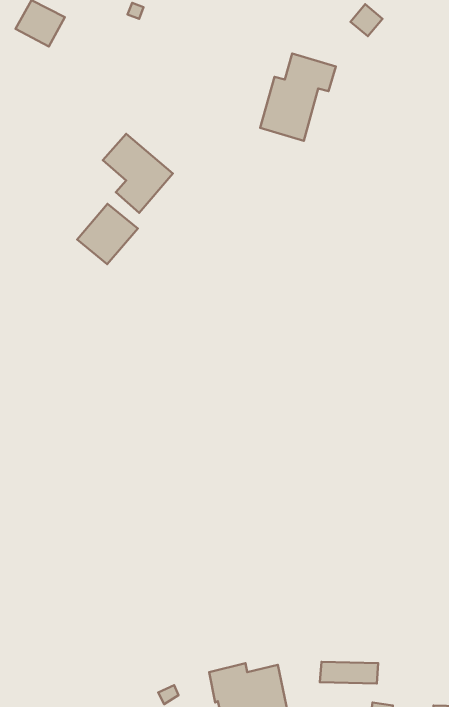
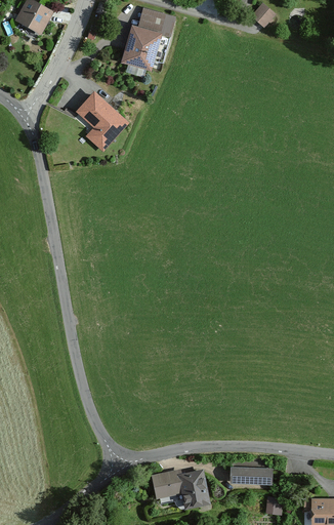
building: [260,53,336,141] -> [121,8,174,70]
building: [77,204,138,264] -> none

